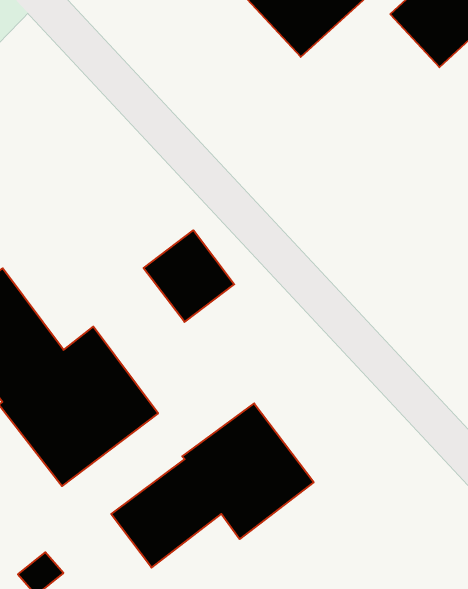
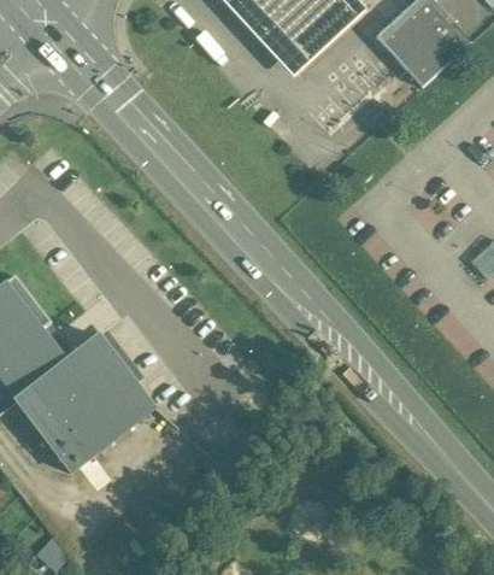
building: [144,230,234,322] -> none
building: [111,403,314,568] -> none

